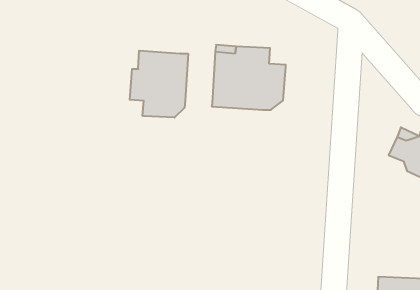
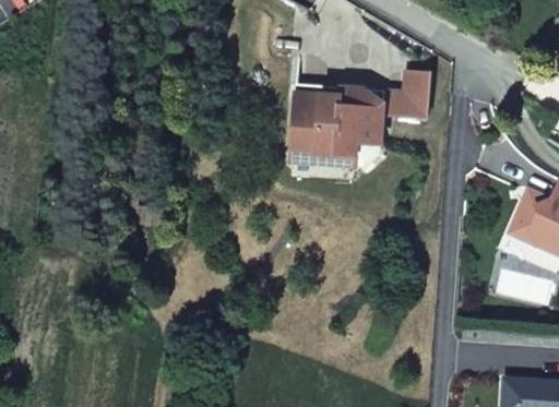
building: none -> [362,70,431,116]
building: [130,51,188,118] -> none

